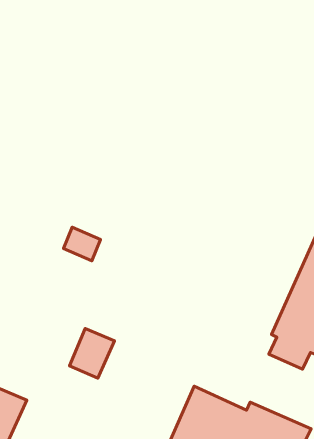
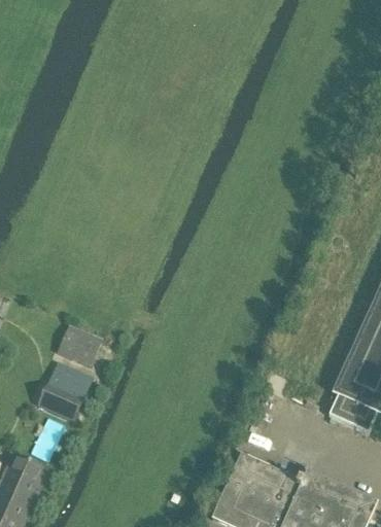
building: [63,227,101,261] -> [54,330,97,370]
building: [69,328,115,378] -> [36,367,89,425]

